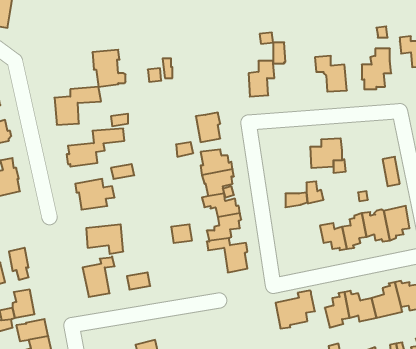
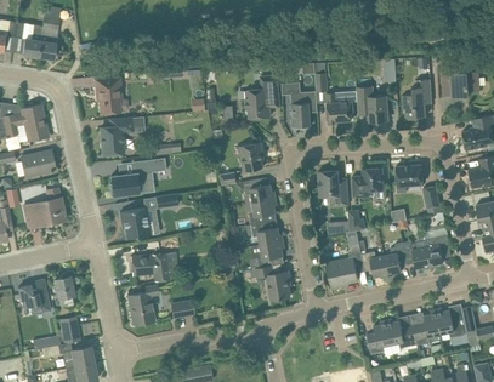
building: none -> [245,74,279,118]
building: [92,50,126,87] -> [95,76,127,113]
building: none -> [327,92,353,124]
building: none -> [396,164,424,192]
building: none -> [318,170,348,205]
building: [276,290,315,328] -> [327,250,365,287]

